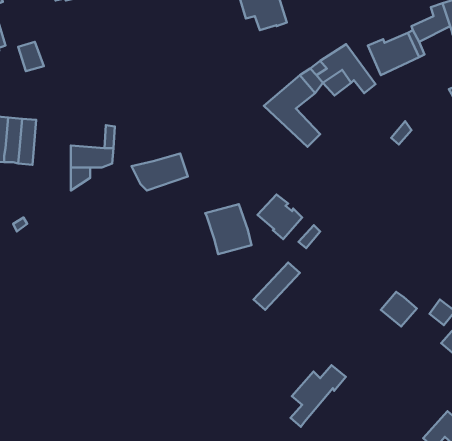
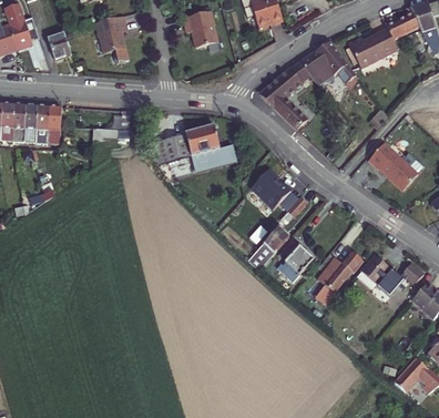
building: none -> [180,12,214,49]
building: none -> [98,14,131,63]
building: none -> [366,142,417,187]
building: [205,204,252,254] -> [186,124,226,167]
building: none -> [280,236,316,281]
building: [290,365,346,427] -> [315,252,363,305]

